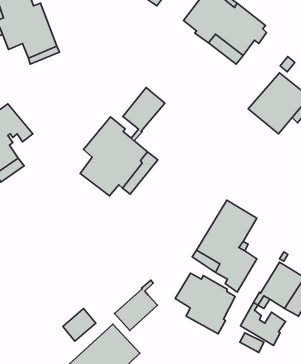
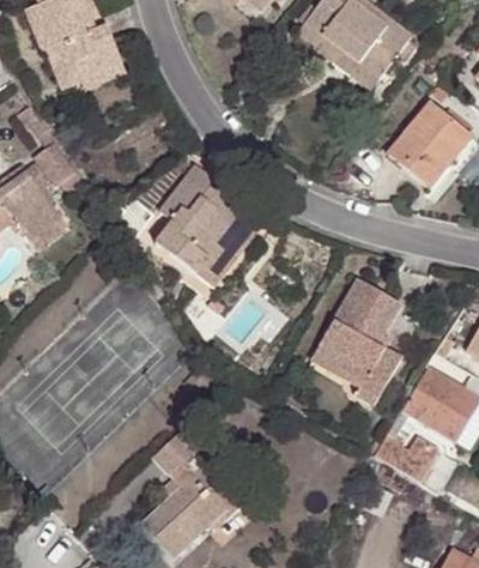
building: [123,88,165,141] -> none
building: [175,273,235,334] -> none
building: [115,280,157,331] -> none

